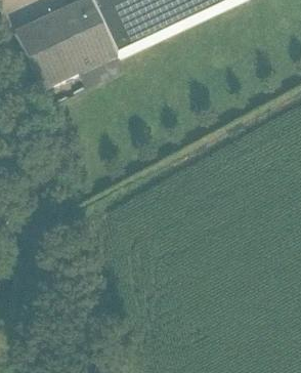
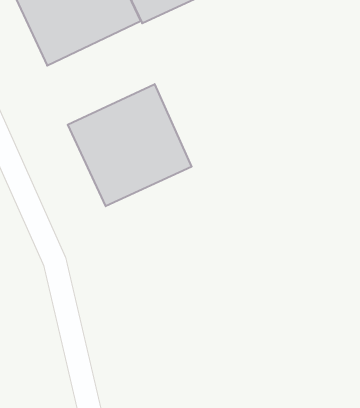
building: none -> [68,84,192,206]

